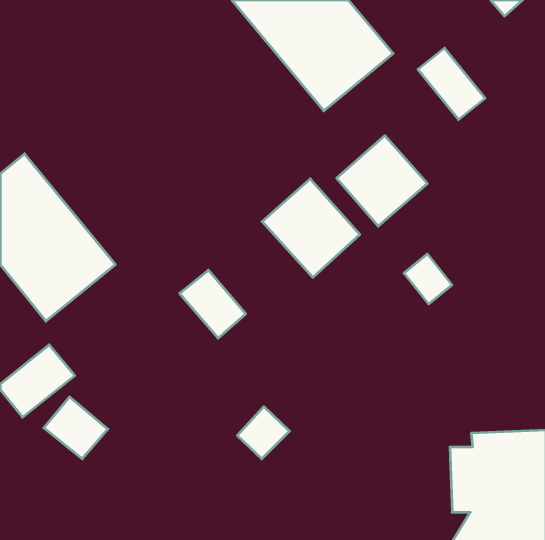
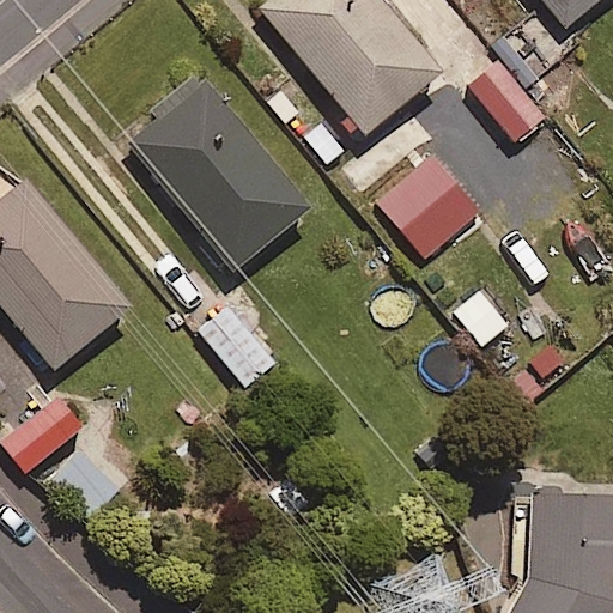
building: none -> [127,79,306,268]
building: [262,179,360,277] -> none

